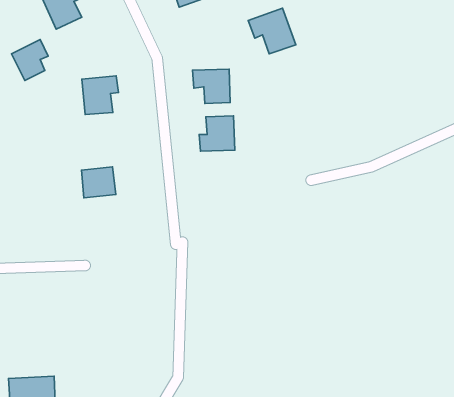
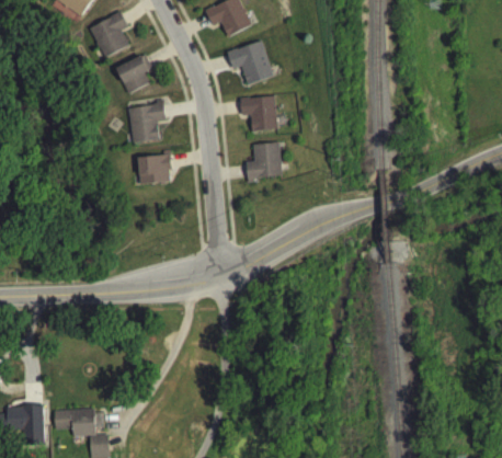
building: [248,8,296,54] -> [226,41,273,85]
building: [11,40,48,81] -> [116,54,152,94]
building: [82,167,116,198] -> [138,154,172,185]

